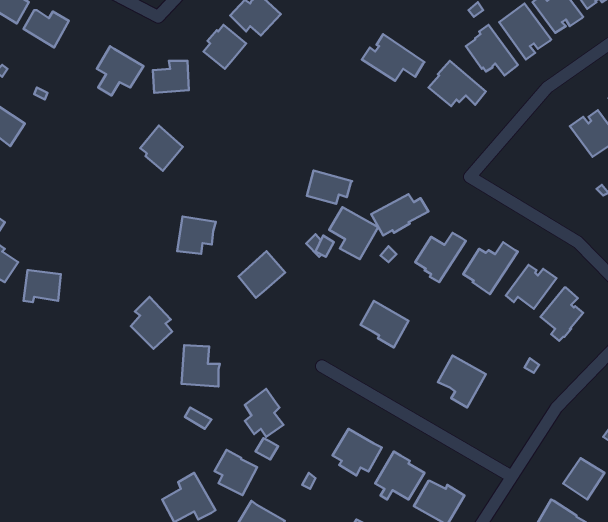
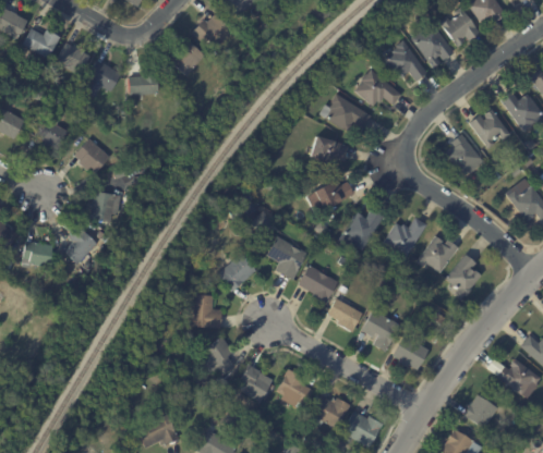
building: none -> [55,42,90,76]
building: [362,34,424,81] -> [318,94,370,132]
building: none -> [33,112,68,149]
building: [140,126,183,171] -> [73,138,108,175]
building: none -> [444,135,480,176]
building: [307,170,352,204] -> [310,137,347,164]
building: [329,207,378,259] -> [266,237,306,280]
building: [177,216,216,254] -> [89,192,121,222]
building: [239,251,285,298] -> [218,254,256,292]
building: [131,297,172,349] -> [64,225,98,268]
building: none -> [327,299,362,333]
building: [181,345,220,387] -> [190,295,221,329]
building: none -> [393,336,429,371]
building: [215,450,257,495] -> [238,366,273,403]

